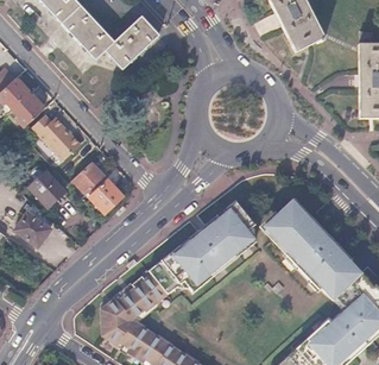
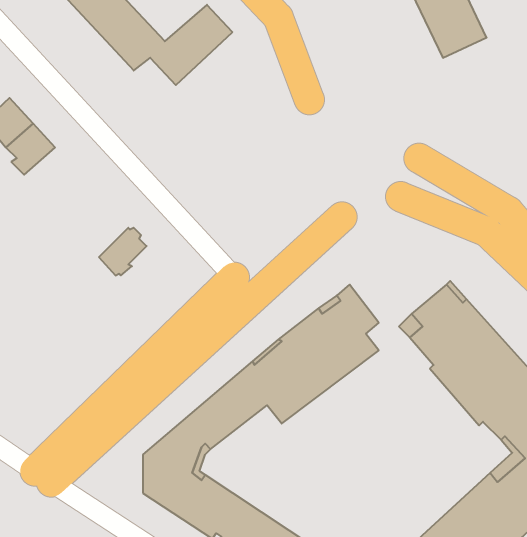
building: [31,114,81,162] -> none
building: [30,169,64,206] -> none
building: [89,180,122,212] -> none
building: [14,202,52,246] -> none

